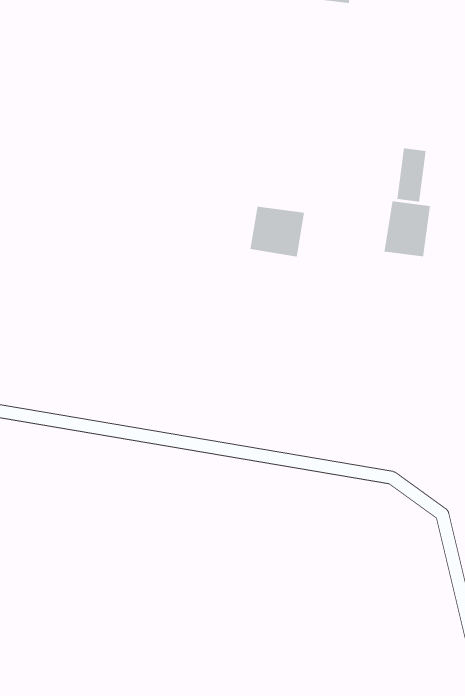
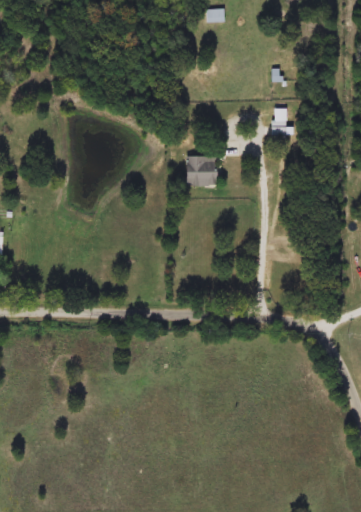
building: [384,201,430,257] -> none

